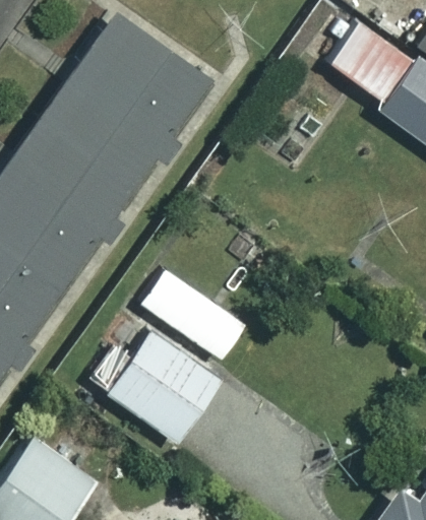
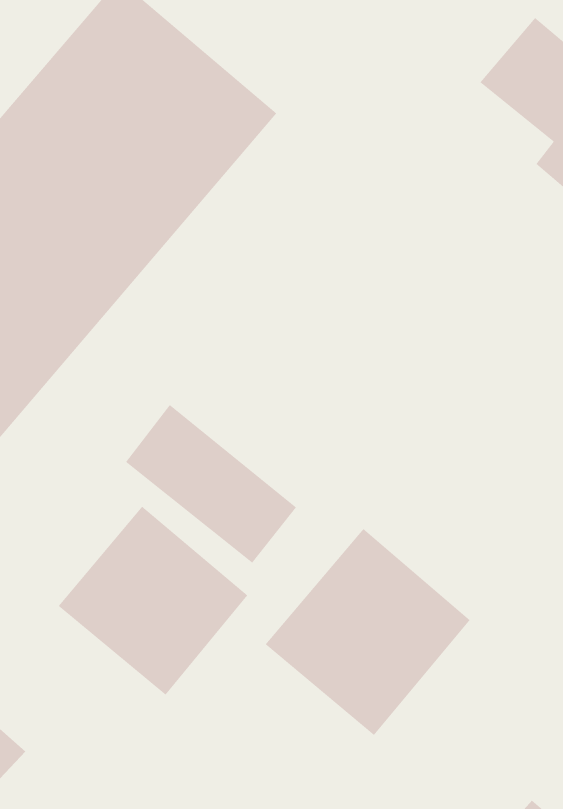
building: none -> [265,528,471,736]

